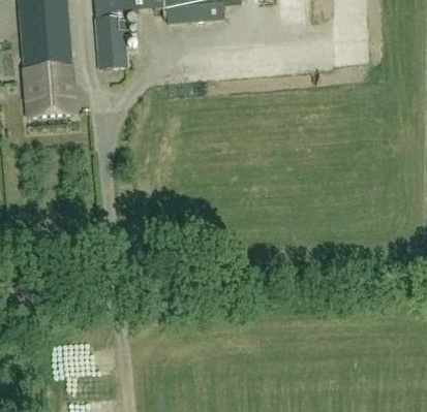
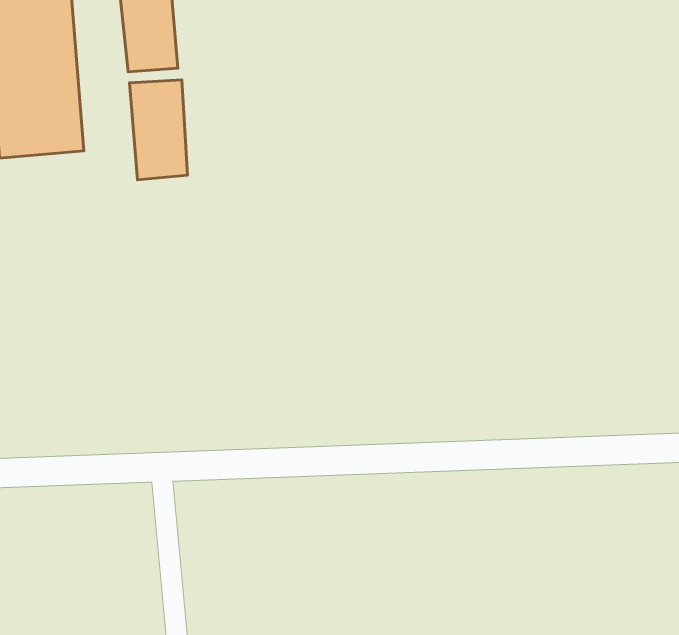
building: none -> [129,80,188,180]

